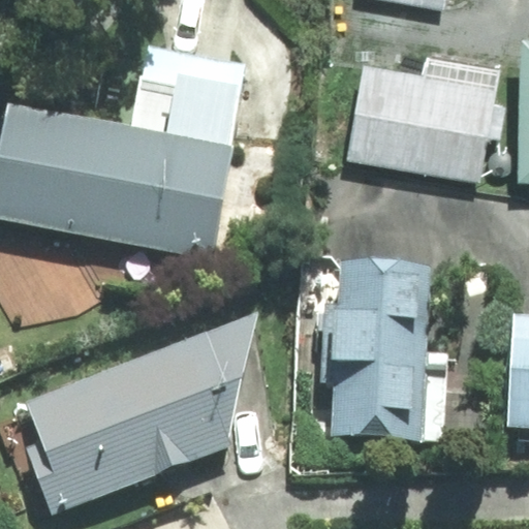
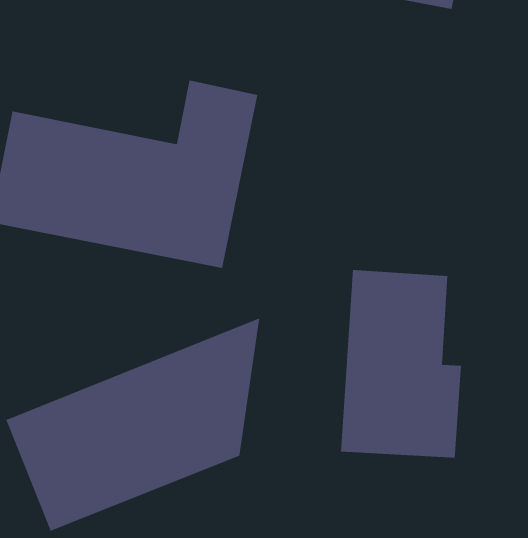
building: [343,44,505,168] -> none

